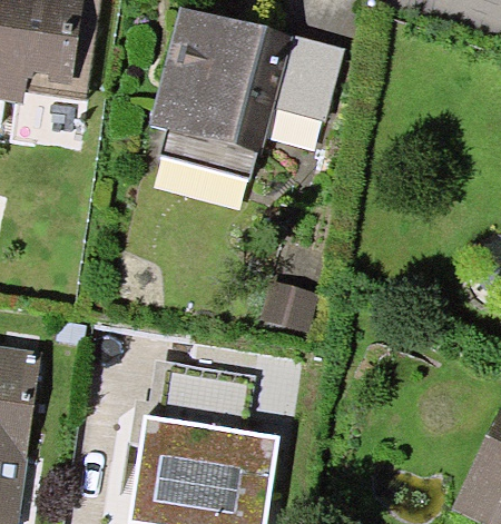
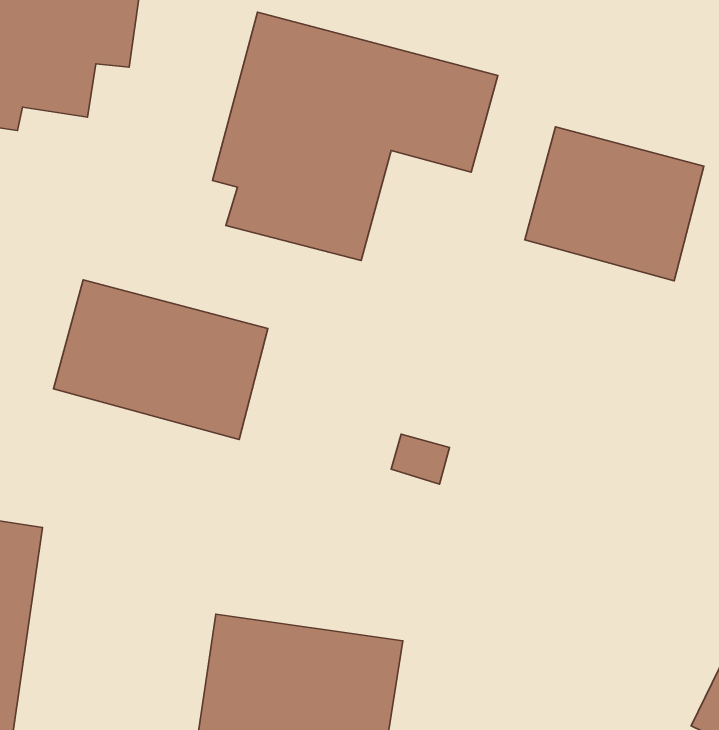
building: none -> [525,127,704,281]
building: none -> [54,280,268,439]

